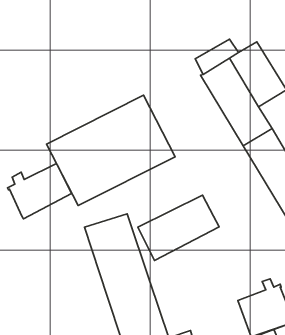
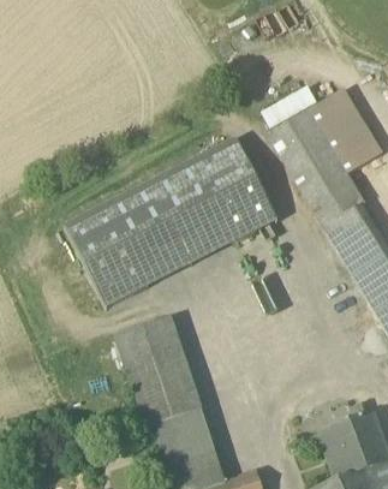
building: none -> [192,137,276,240]
building: [7,164,72,219] -> none
building: [138,195,219,261] -> none

